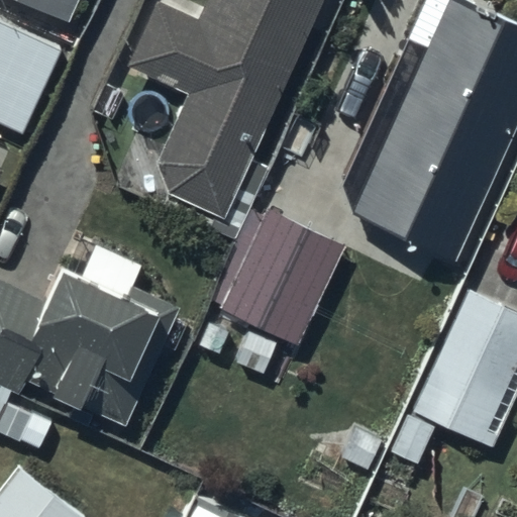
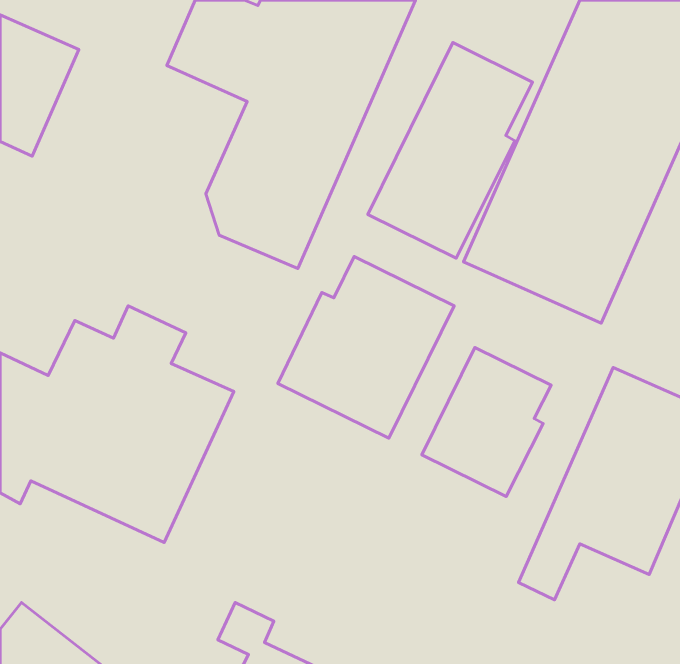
building: none -> [368,43,533,258]
building: none -> [422,348,551,497]

